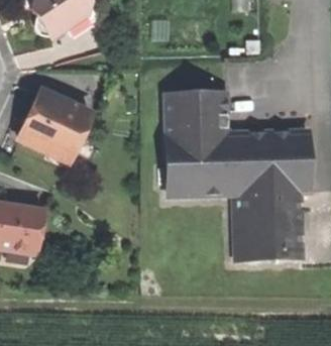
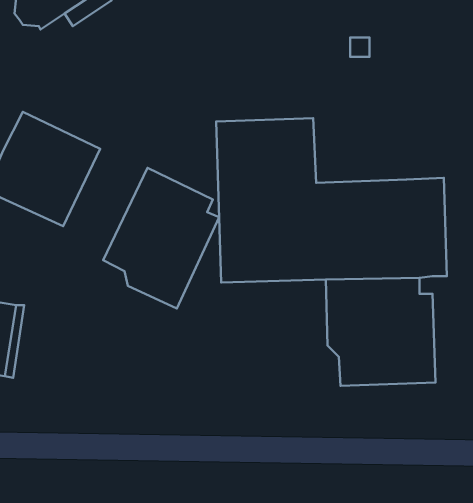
building: none -> [103,168,219,308]

